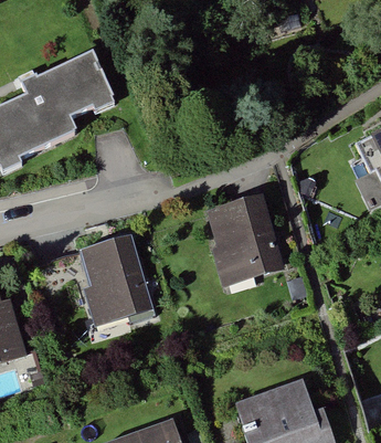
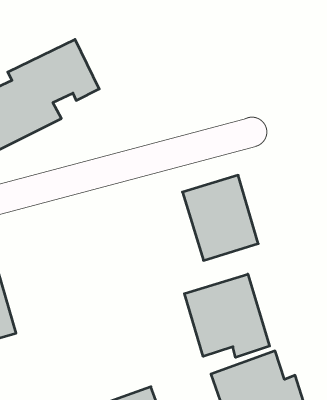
building: [78,233,156,323] -> none
building: none -> [184,274,270,357]

